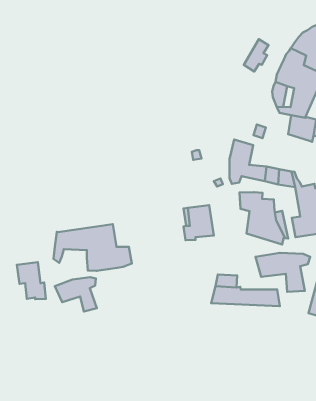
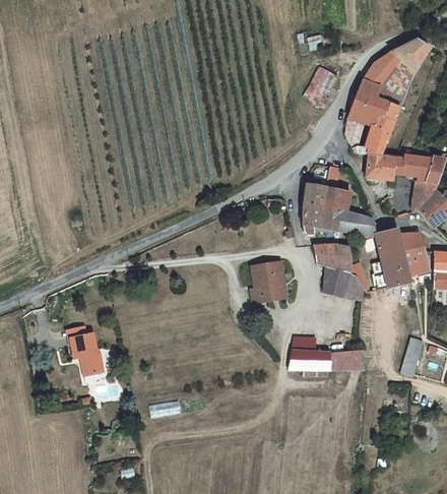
building: none -> [324,188,353,211]
building: [54,224,132,271] -> none
building: [255,253,310,292] -> none
building: [55,277,97,311] -> none

